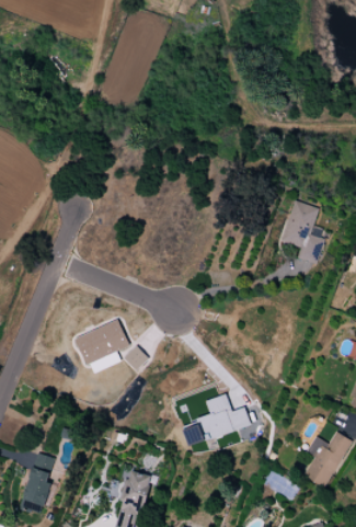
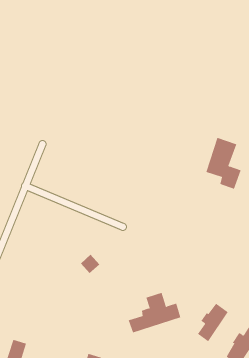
building: [74,320,128,371] -> none
building: none -> [197,303,229,342]

